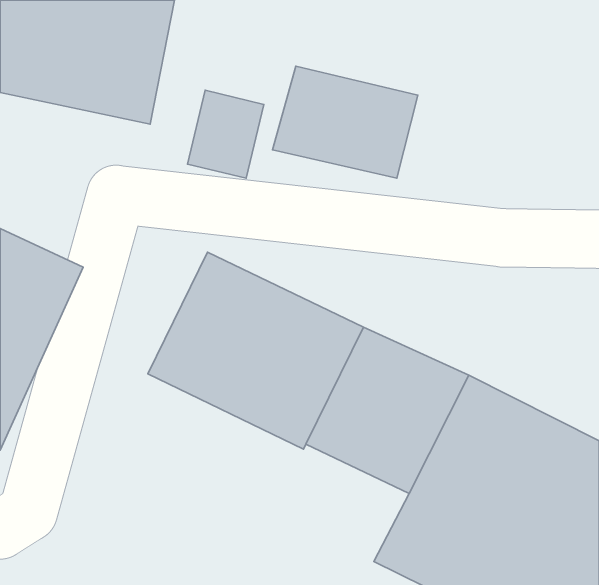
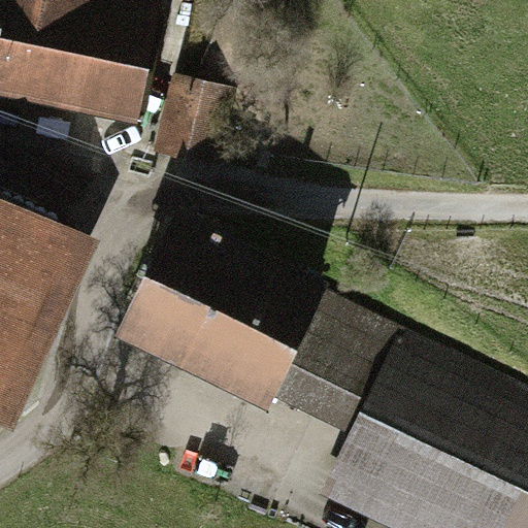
building: [273,66,418,178] -> none

